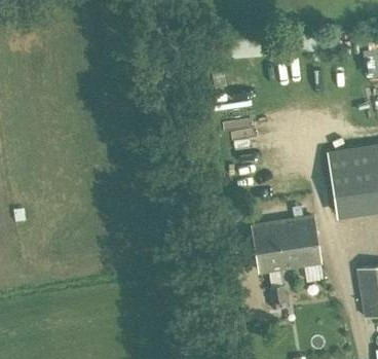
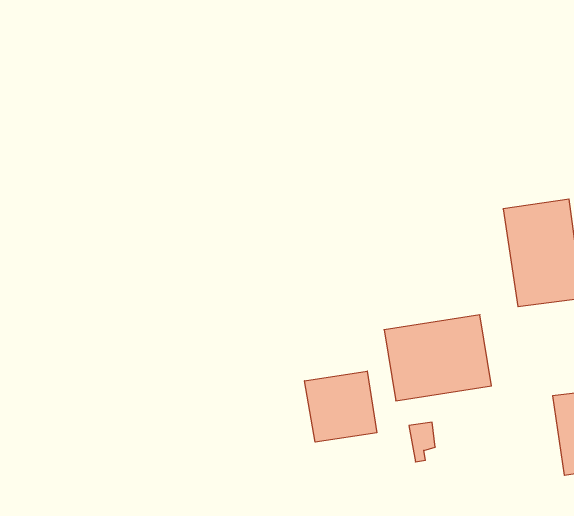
building: none -> [305,371,377,442]

